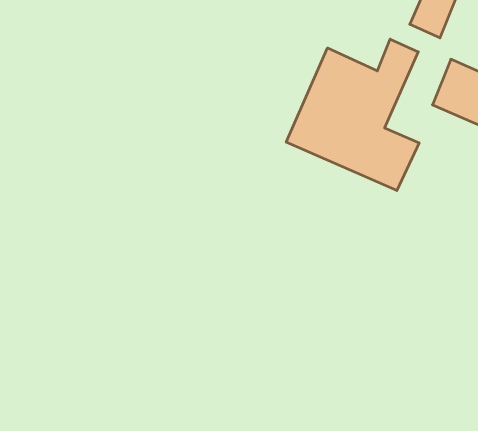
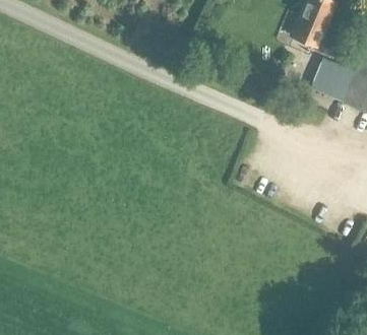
building: [286,39,419,191] -> none

